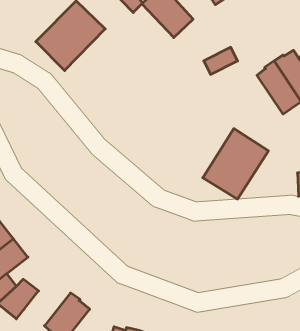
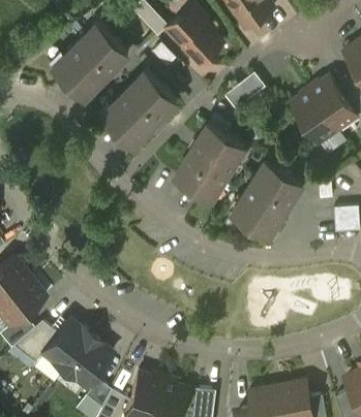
building: none -> [102,72,177,147]
building: none -> [175,125,245,200]
building: none -> [41,320,91,372]

